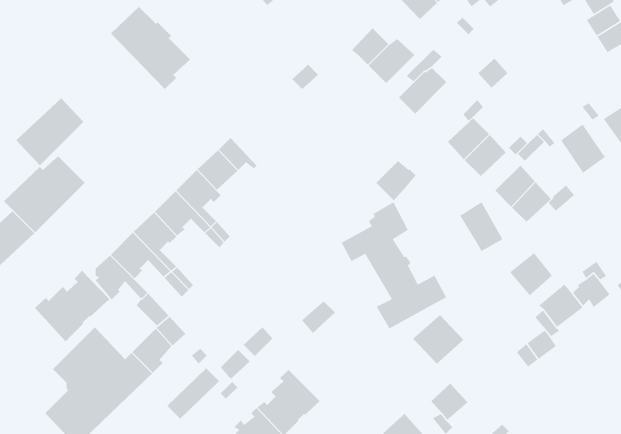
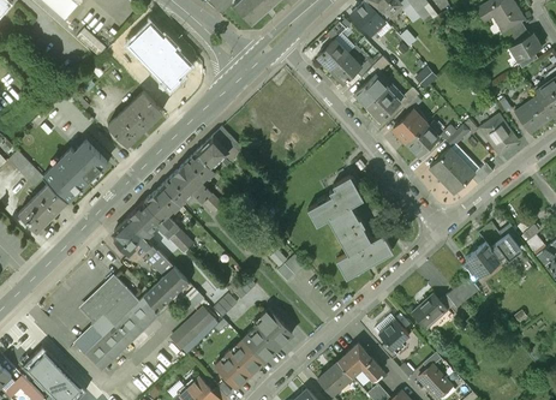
building: [15,98,84,166] -> [108,91,162,145]
building: [375,160,417,201] -> [367,90,400,123]
building: [459,201,504,252] -> none
building: [509,252,553,296] -> none
building: [34,270,110,342] -> none
building: [412,314,464,364] -> [411,294,452,334]

